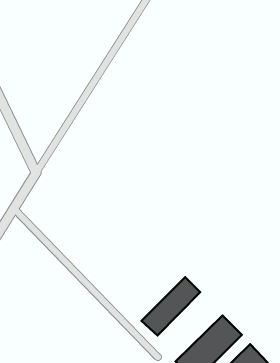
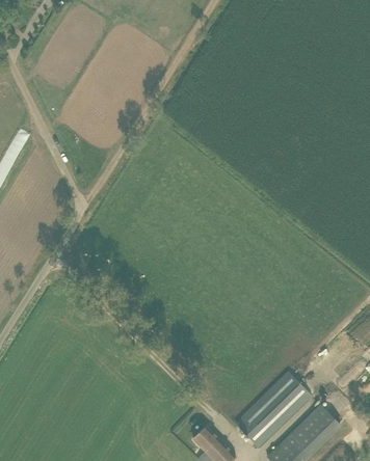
building: [142,277,200,336] -> none

